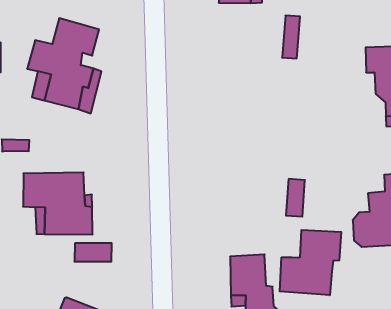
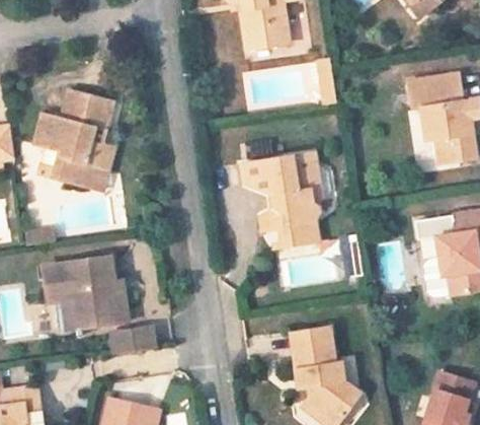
building: none -> [242,148,332,243]
building: [280,230,341,295] -> none

